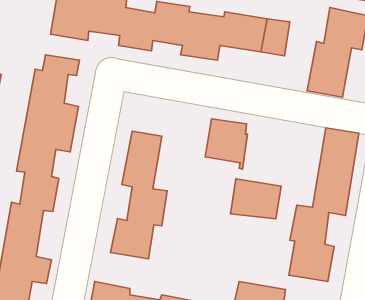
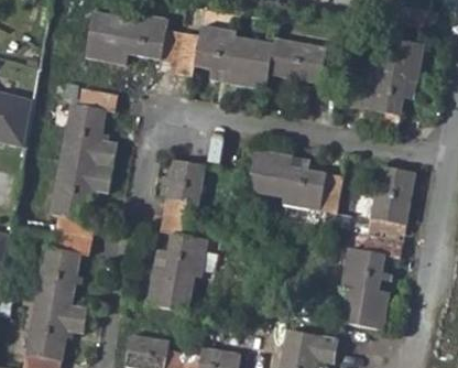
building: [231,179,281,219] -> [291,169,345,212]

